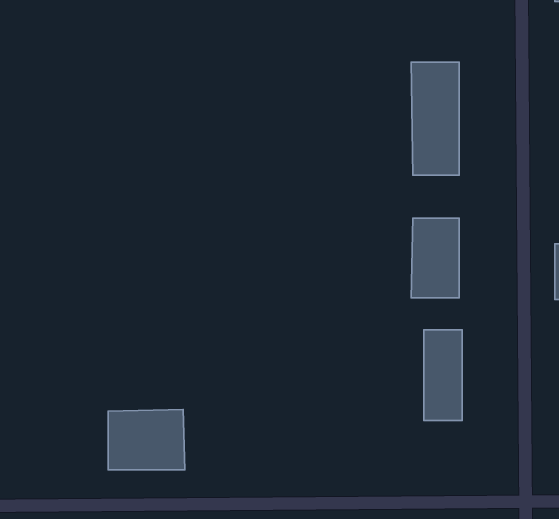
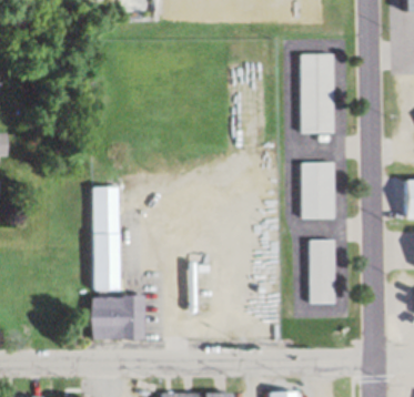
building: none -> [91,186,121,289]

